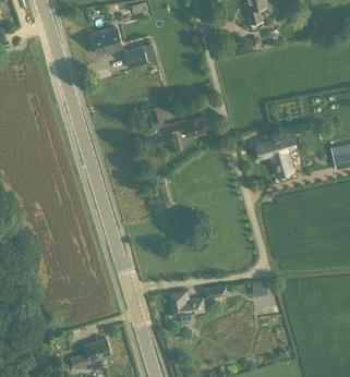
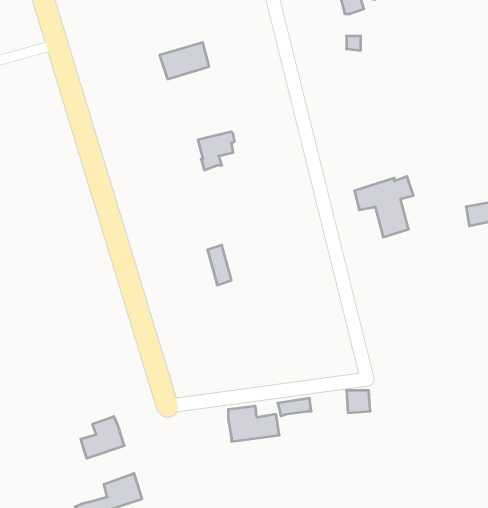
building: [90,26,121,53] -> none
building: [165,118,205,150] -> none
building: none -> [81,416,124,458]

